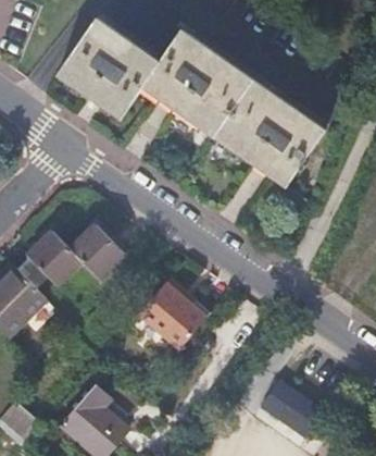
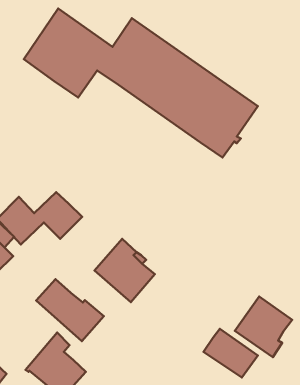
building: none -> [36,279,104,341]
building: none -> [235,297,292,357]

